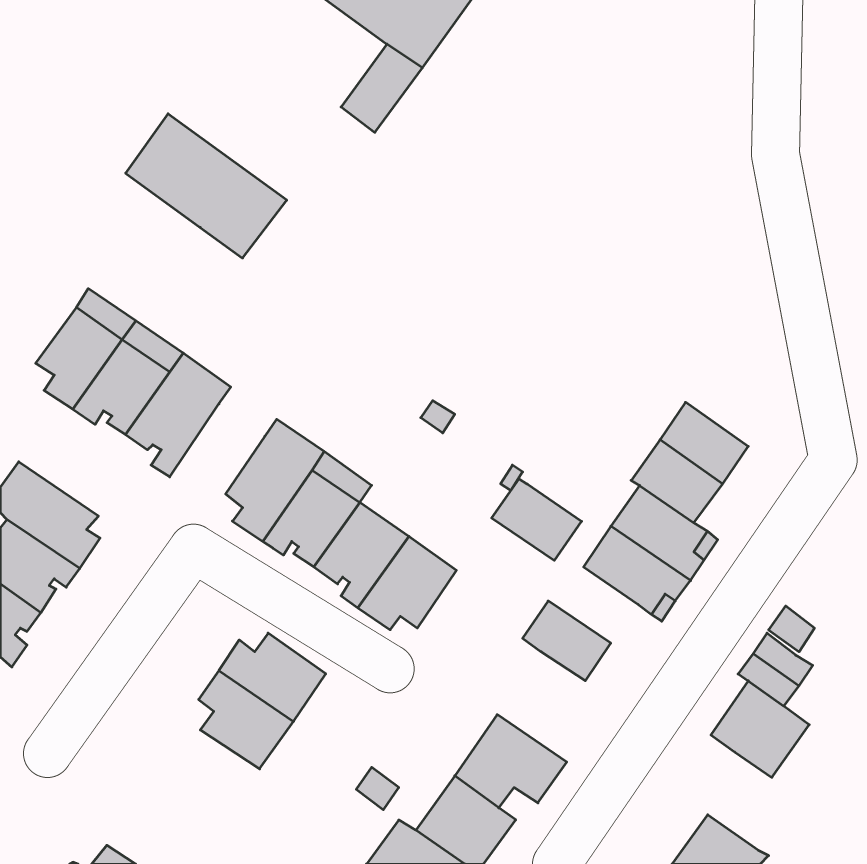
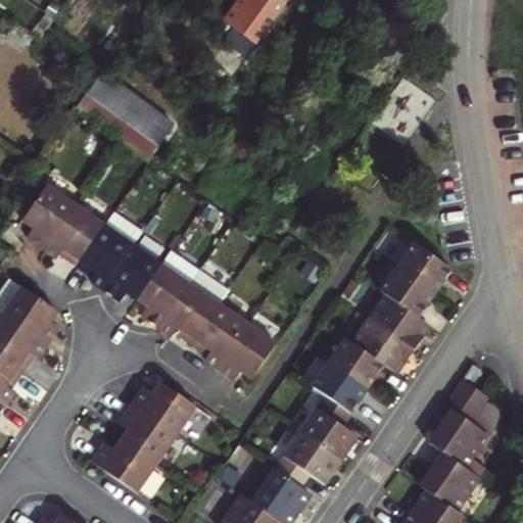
building: none -> [102,243,159,298]
building: [492,479,582,560] -> [330,338,384,387]
building: none -> [299,392,356,459]
building: none -> [91,439,156,492]
building: none -> [420,453,480,512]

